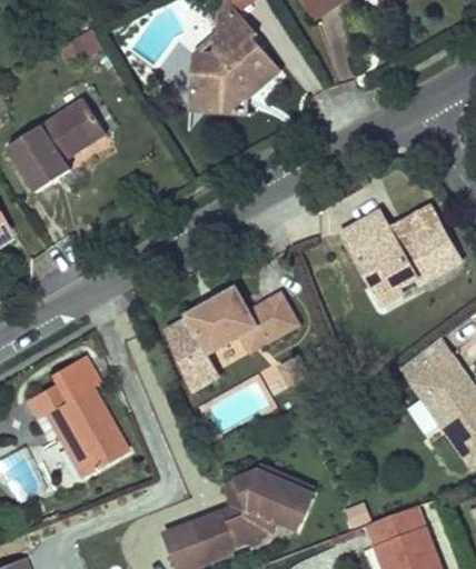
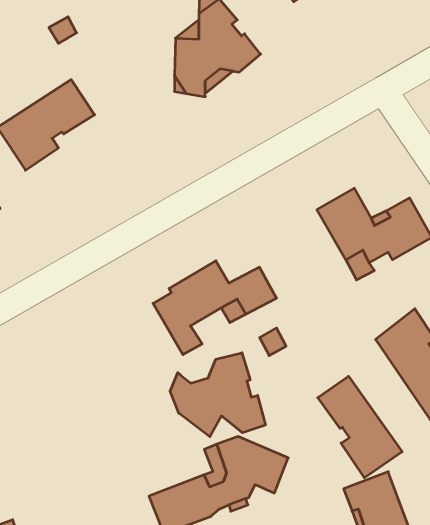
building: [24,356,127,477] -> none
building: none -> [170,353,265,437]
building: none -> [318,376,402,478]

